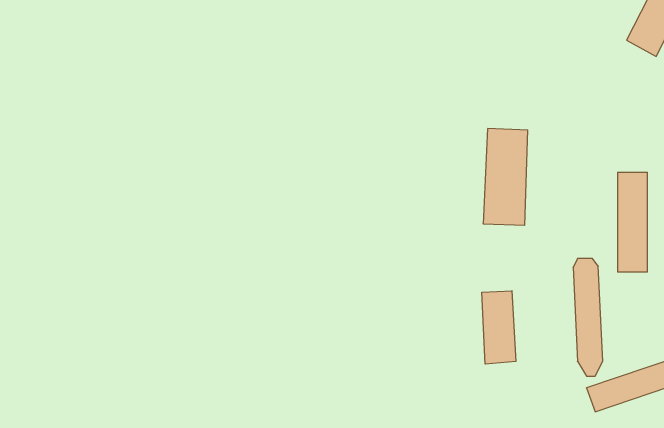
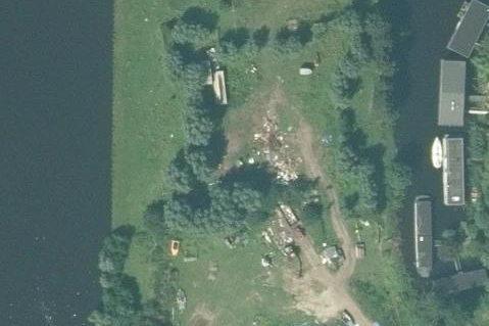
building: [483,129,528,225] -> [436,57,467,124]
building: [482,291,516,364] -> none

